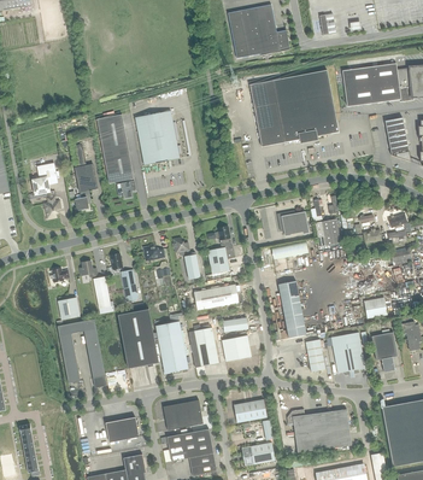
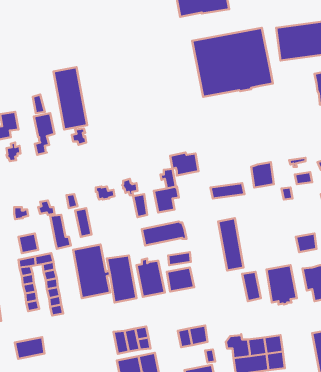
building: [134,110,178,164] -> none
building: [276,210,307,235] -> [170,152,199,175]
building: [105,417,137,441] -> [15,337,44,359]

